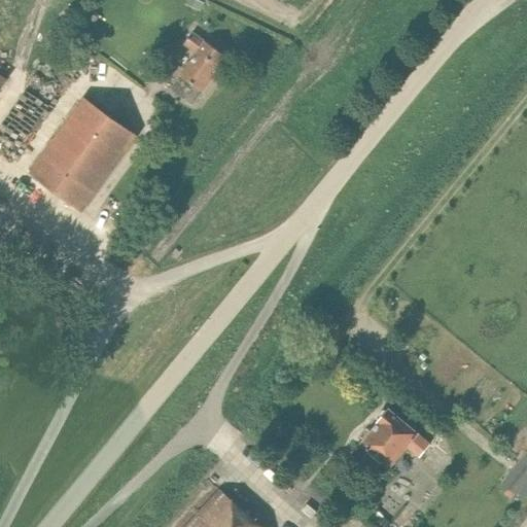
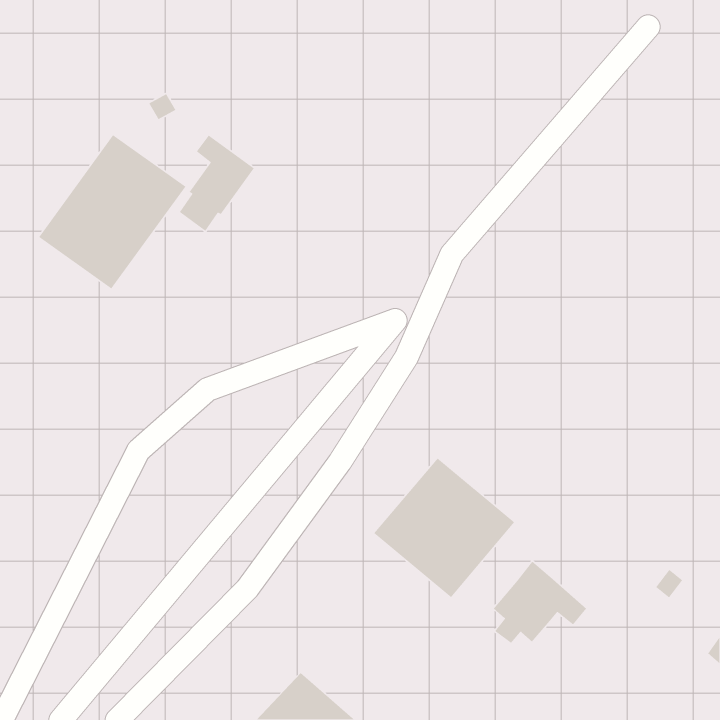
building: [171,33,226,104] -> [179,134,255,232]
building: none -> [373,457,515,598]

